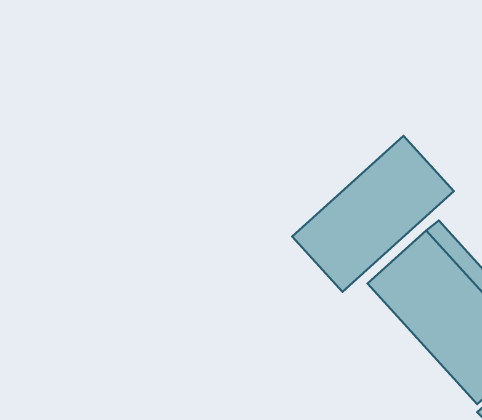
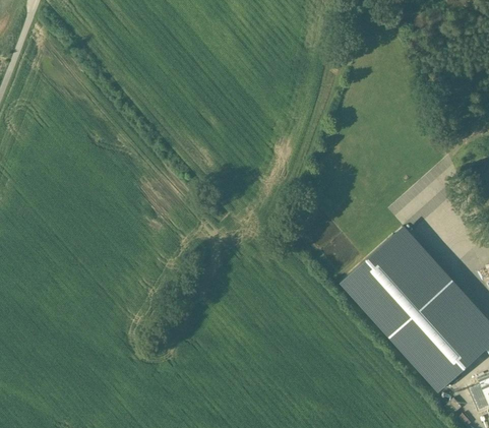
building: [292,136,454,292] -> none

